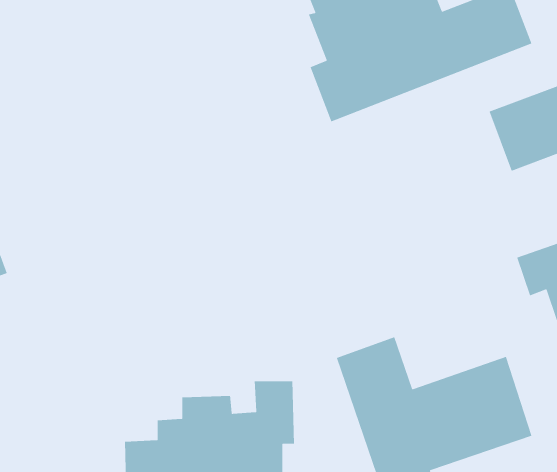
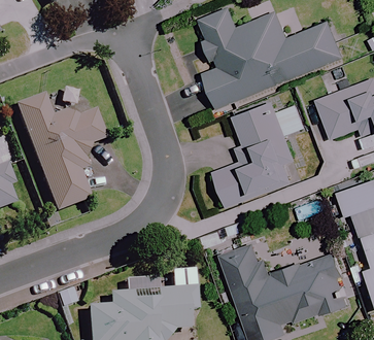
building: none -> [16,84,106,209]
building: none -> [216,96,310,204]

